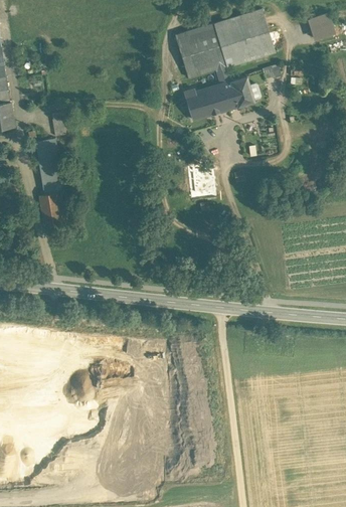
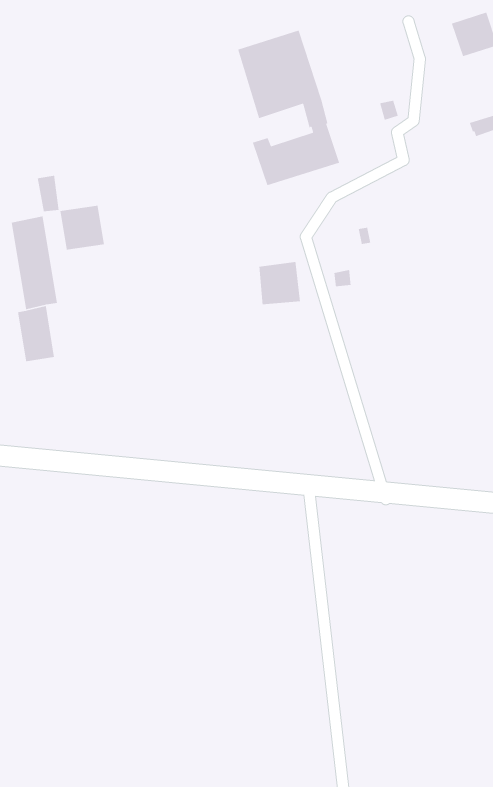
building: [213,9,275,66] -> none
building: [230,76,253,106] -> none
building: none -> [60,205,105,251]

